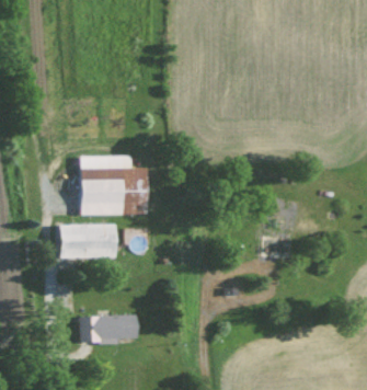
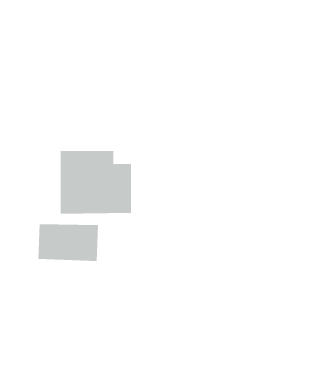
building: [79,314,137,340] -> none

